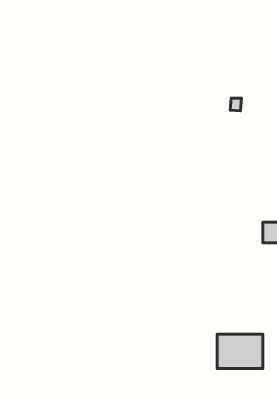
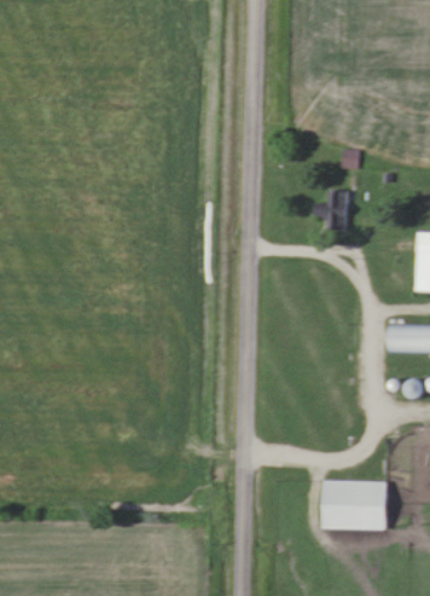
building: none -> [314,191,347,230]

